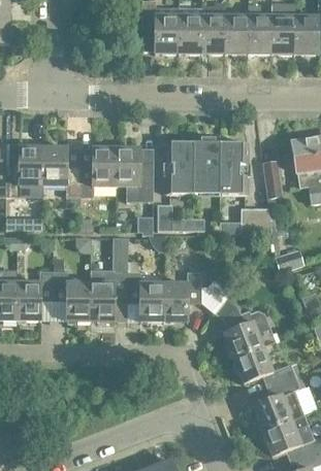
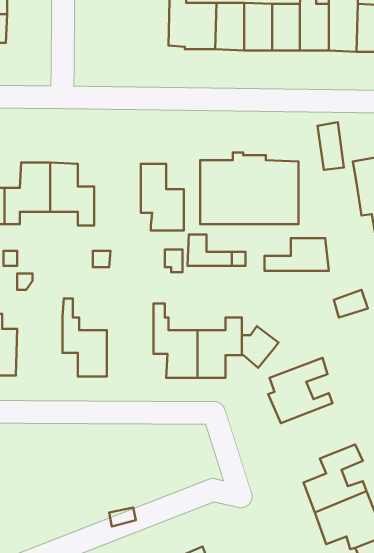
building: [79,145,118,196] -> none
building: [261,159,283,198] -> [317,122,344,170]
building: [90,236,128,319] -> none
building: [15,270,54,318] -> none
building: [232,341,293,386] -> none

